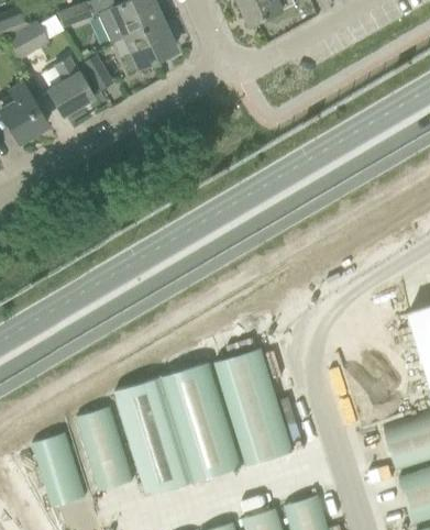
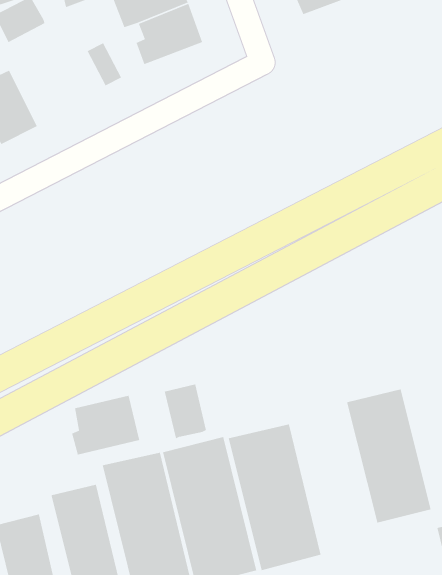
building: [47,56,93,115] -> none
building: none -> [346,388,432,523]
building: none -> [164,383,207,439]
building: none -> [71,395,140,455]

